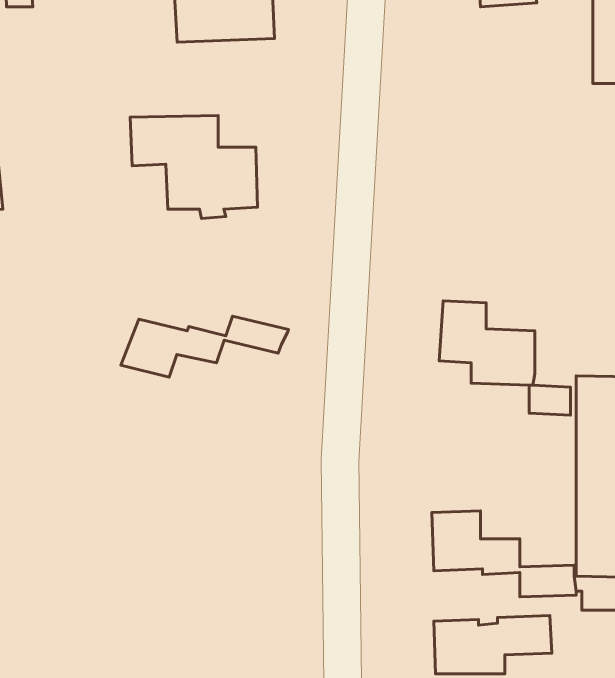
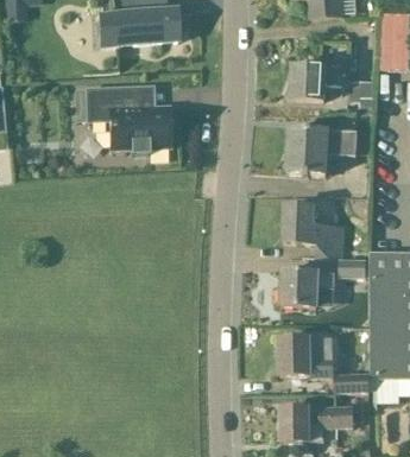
building: none -> [290,65,347,101]
building: none -> [286,128,357,176]
building: [121,316,288,377] -> none
building: none -> [280,271,335,307]

